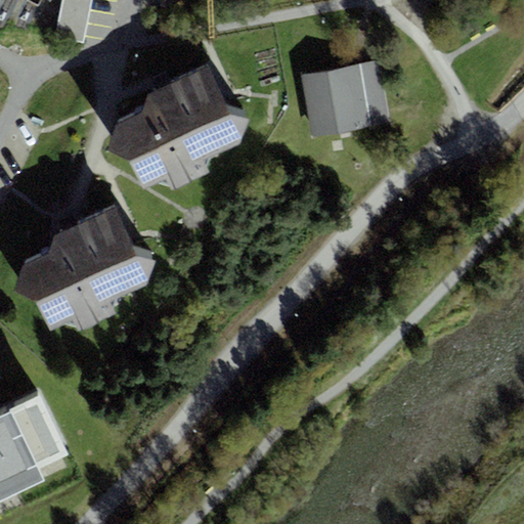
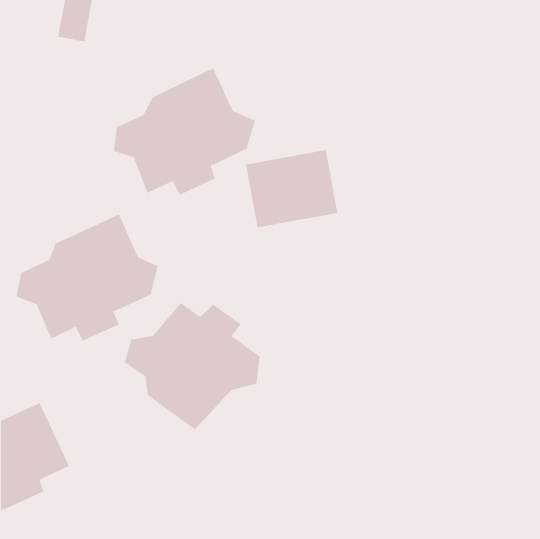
building: [302,60,392,136] -> [245,150,338,228]
building: none -> [124,302,260,430]

